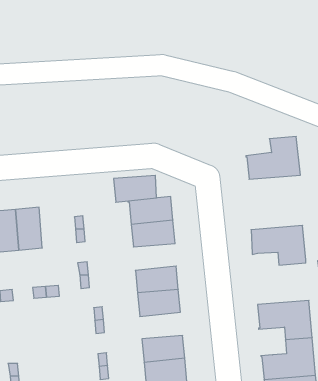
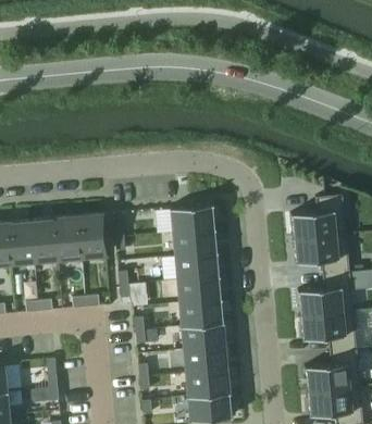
building: [246,137,300,179] -> [290,196,346,239]
building: [114,175,156,202] -> [174,253,218,280]
building: none -> [78,214,106,258]
building: none -> [297,273,352,315]
building: none -> [181,323,224,350]

